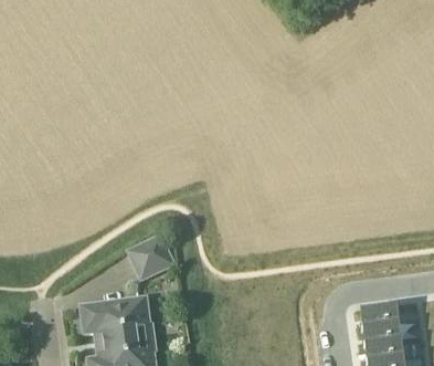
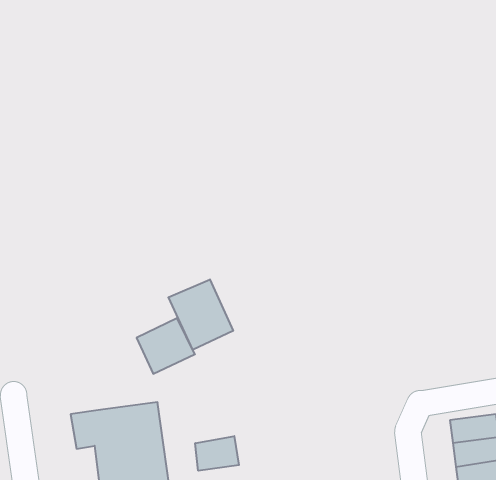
building: none -> [168,279,233,350]
building: none -> [195,436,239,471]

